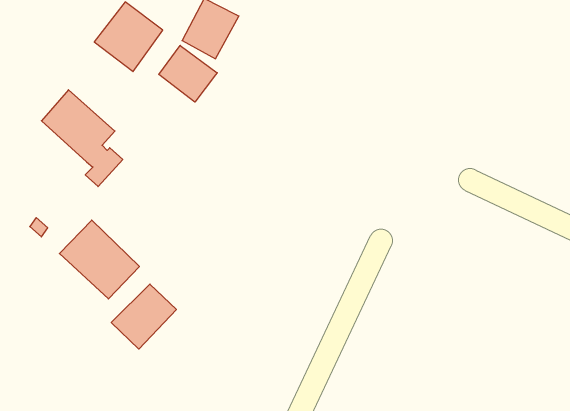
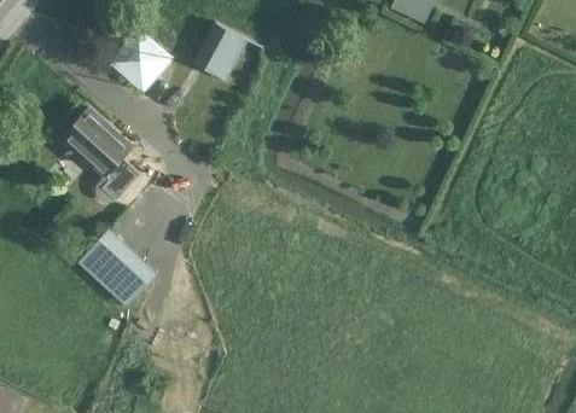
building: [159,45,217,102] -> none
building: [111,284,176,349] -> none

